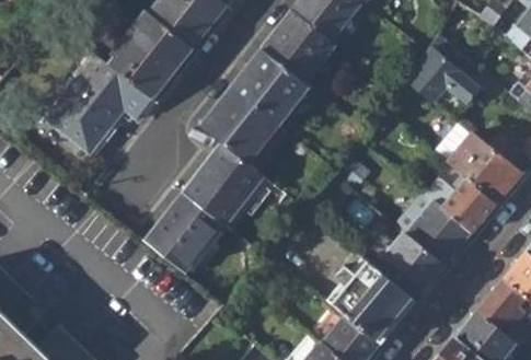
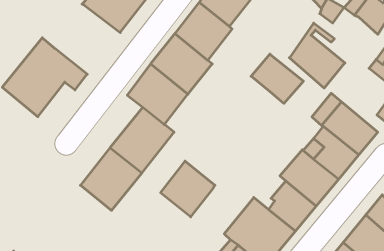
building: [109,11,195,100] -> none
building: none -> [251,54,303,103]
building: none -> [161,161,215,217]

